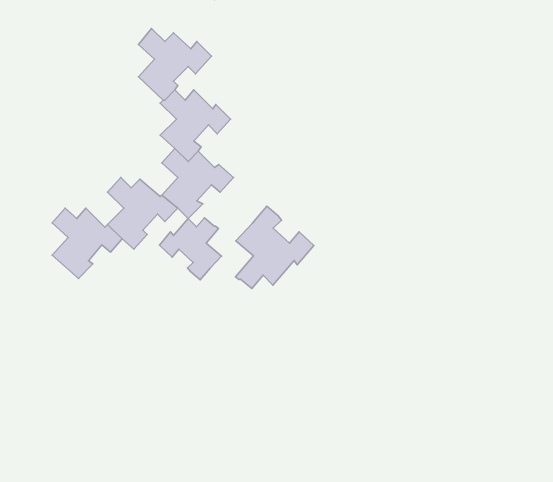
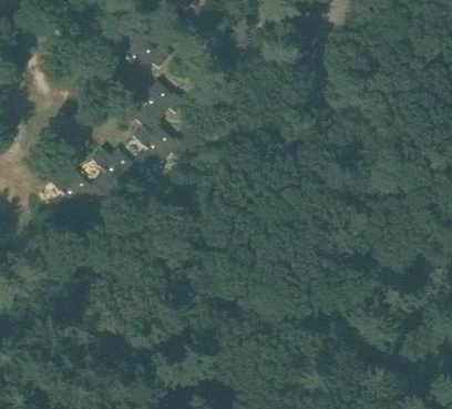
building: [236,206,314,289] -> none
building: [160,218,222,280] -> none

